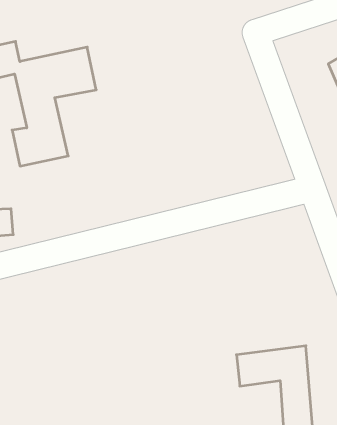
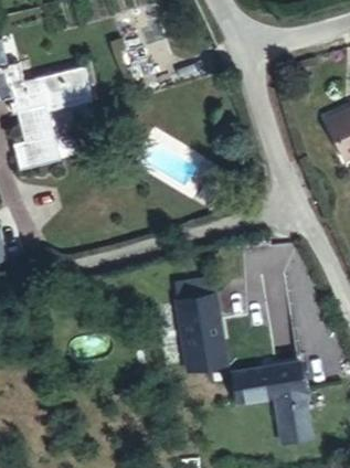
building: none -> [182,290,229,366]

